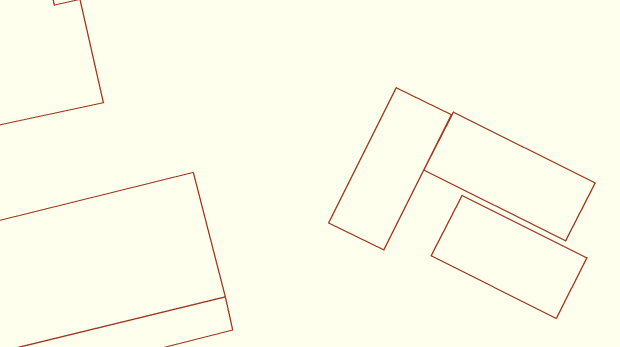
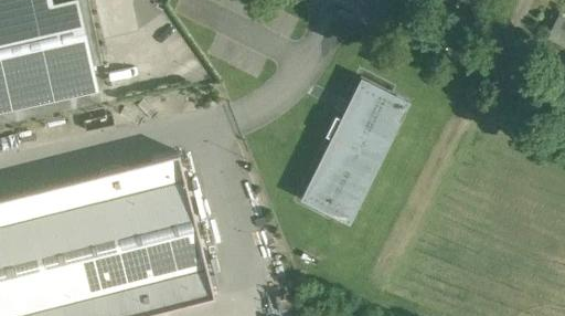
building: [424,112,595,241] -> none
building: [431,195,587,318] -> none

